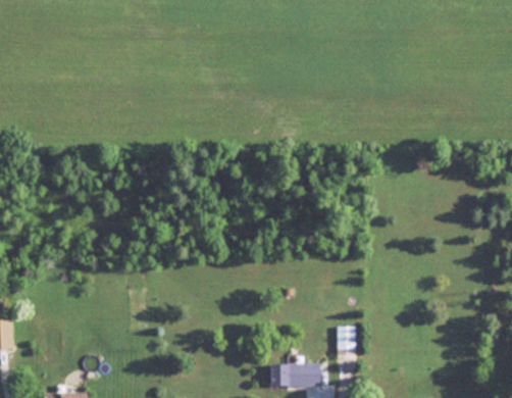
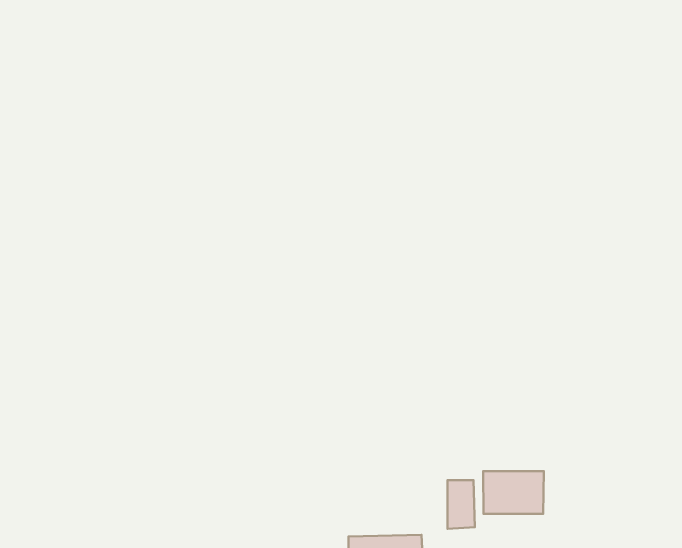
building: none -> [483,471,544,514]

